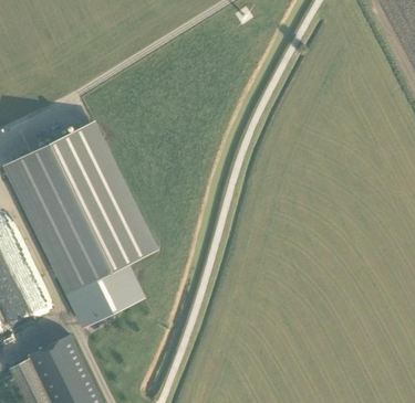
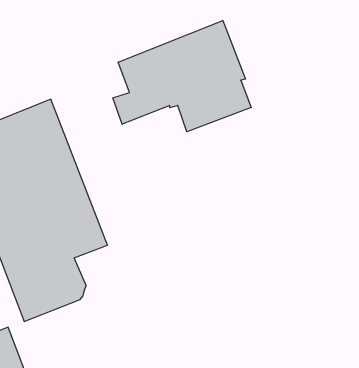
building: none -> [113,20,251,132]

